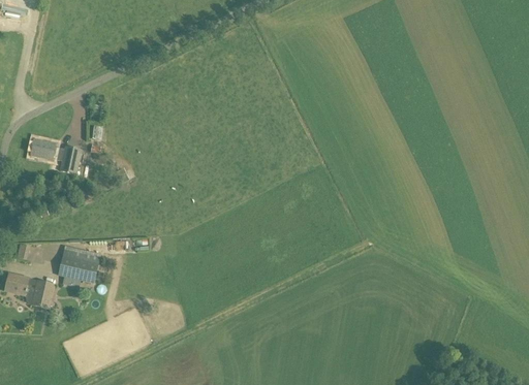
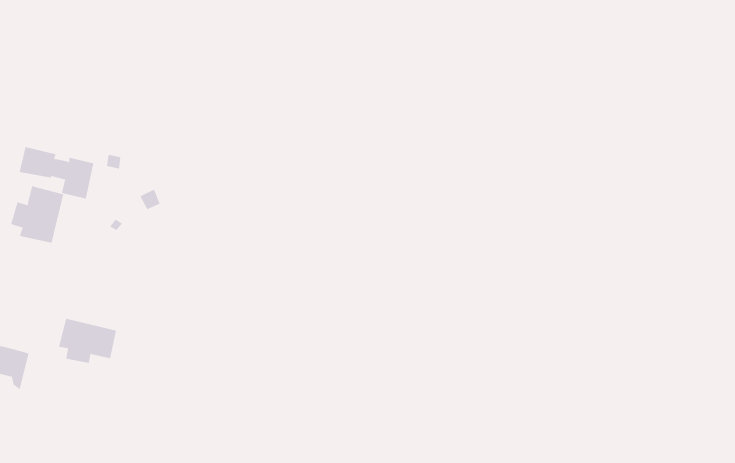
building: none -> [11,186,64,244]
building: [31,279,55,309] -> none

